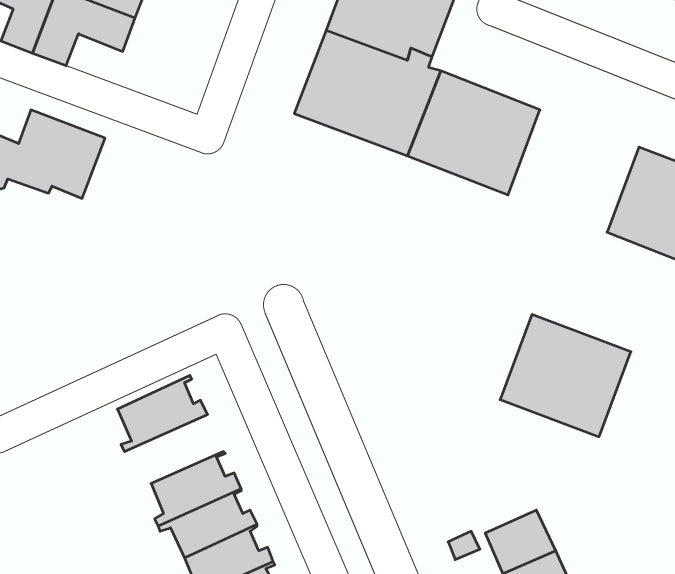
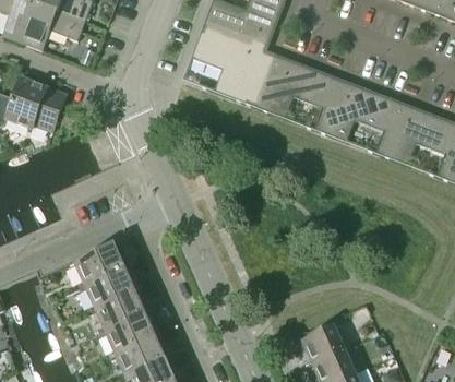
building: [500,315,631,437] -> [314,76,395,152]
building: none -> [77,264,139,307]

